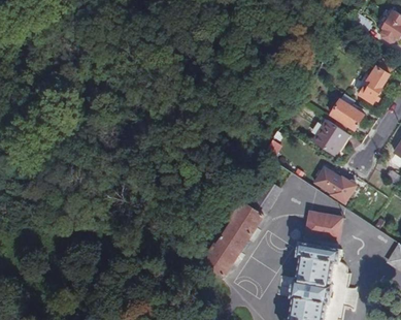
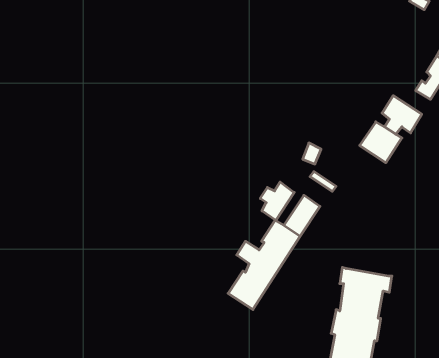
building: [313,166,355,202] -> none
building: none -> [260,182,294,220]
building: [301,209,341,248] -> none

